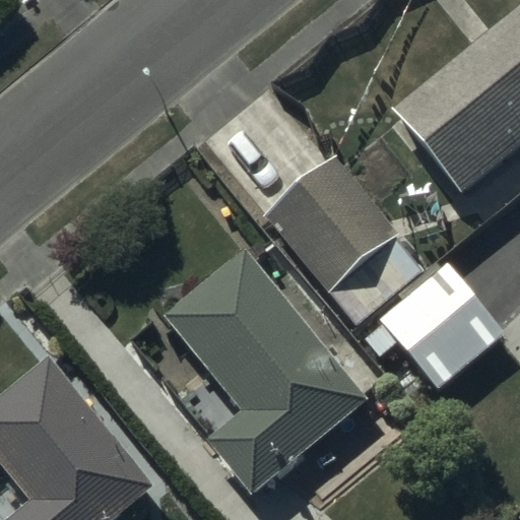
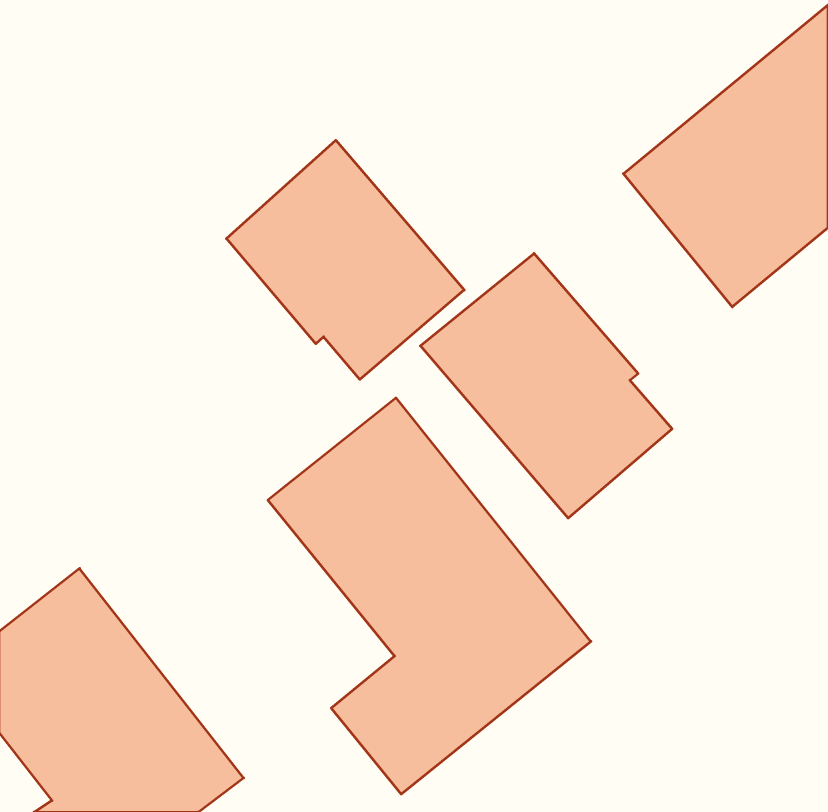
building: none -> [226,140,464,379]
building: [365,261,507,388] -> none

